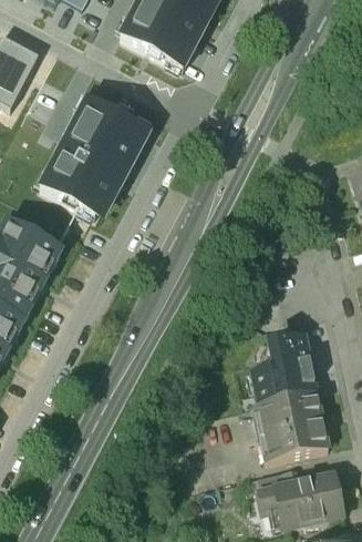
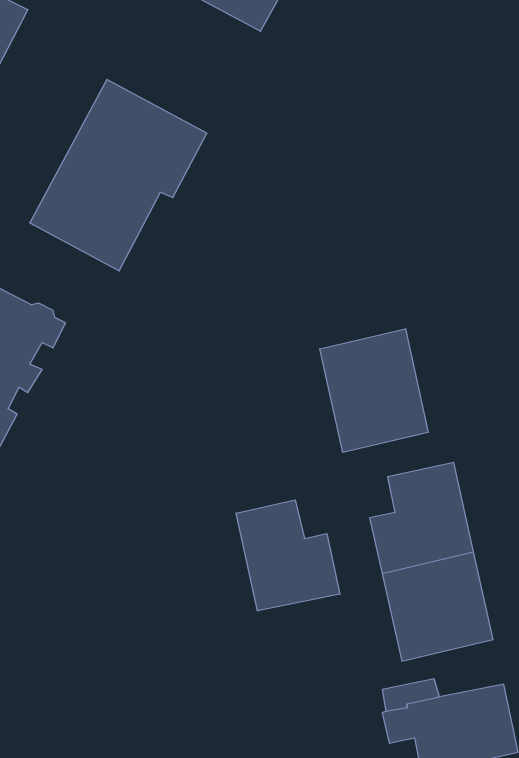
building: none -> [320,329,428,452]
building: none -> [236,500,340,611]

